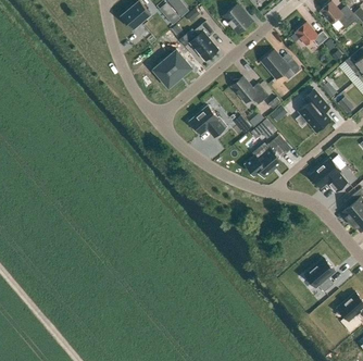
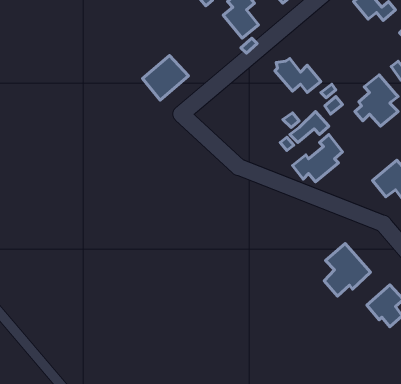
building: [261,49,301,78] -> none
building: [154,50,191,86] -> [142,56,188,100]
building: [189,105,227,137] -> none
building: none -> [324,244,370,296]

